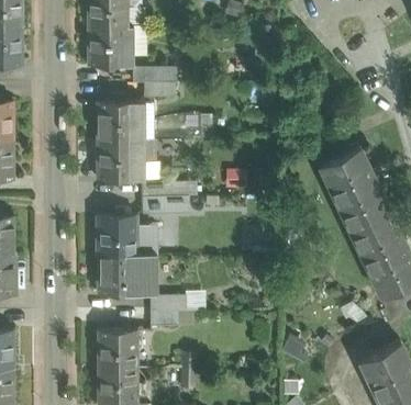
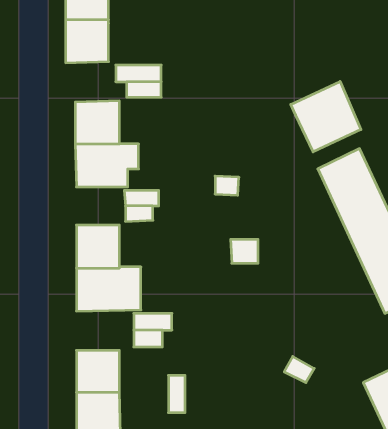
building: none -> [291,81,361,152]

